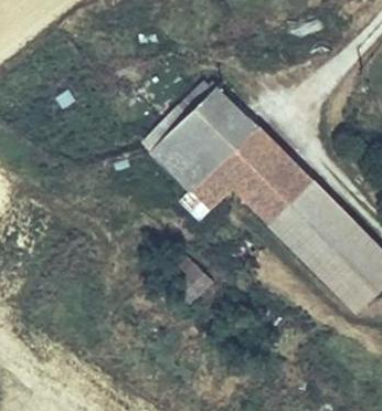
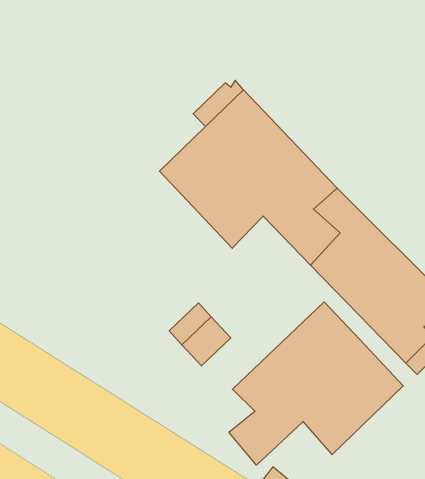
building: none -> [229,302,403,465]

